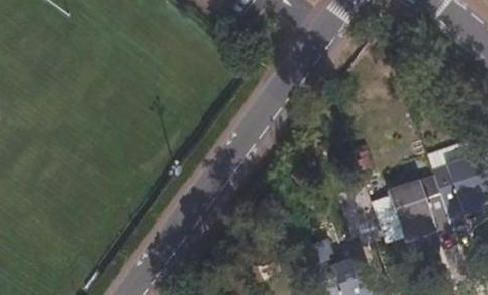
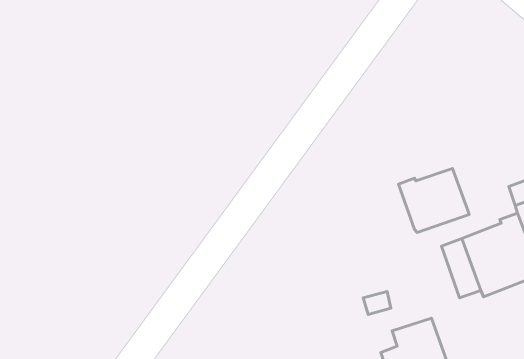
building: none -> [398,168,469,233]

